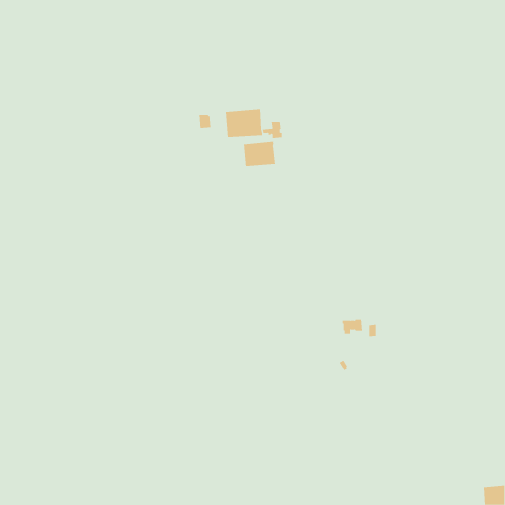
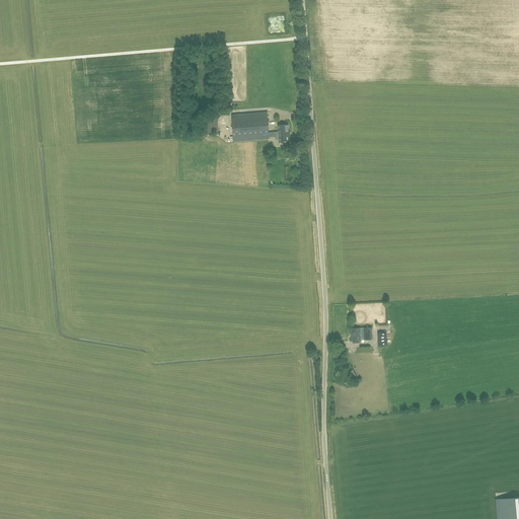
building: [244,141,275,167] -> none

